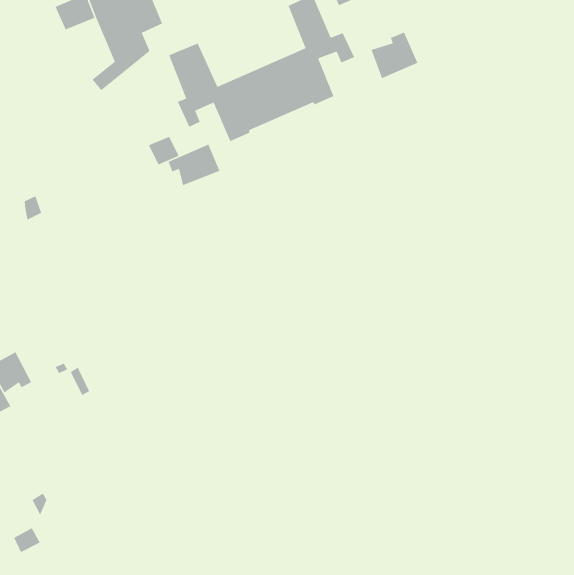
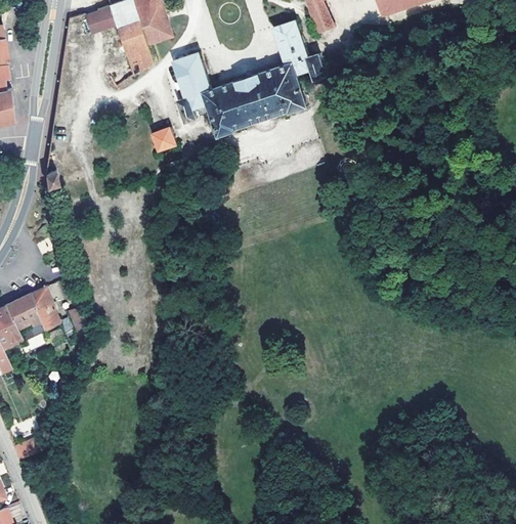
building: [371,31,419,79] -> none
building: [167,144,220,186] -> none
building: none -> [29,288,58,330]

